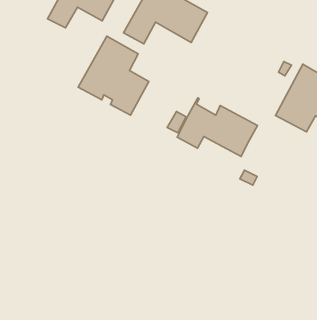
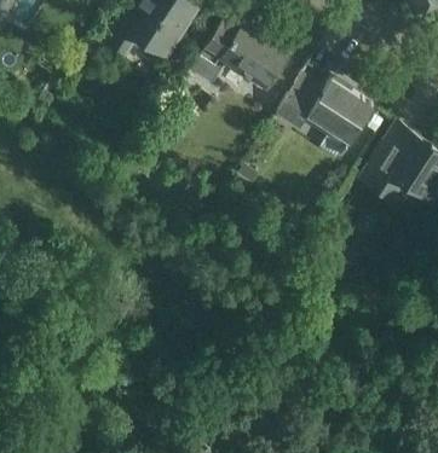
building: [78,36,149,115] -> none
building: [177,98,258,156] -> [279,69,375,141]

